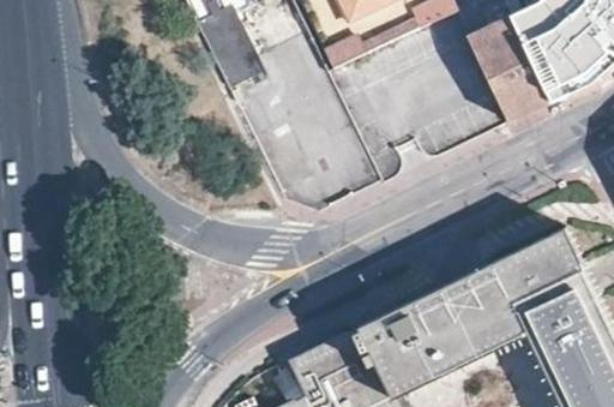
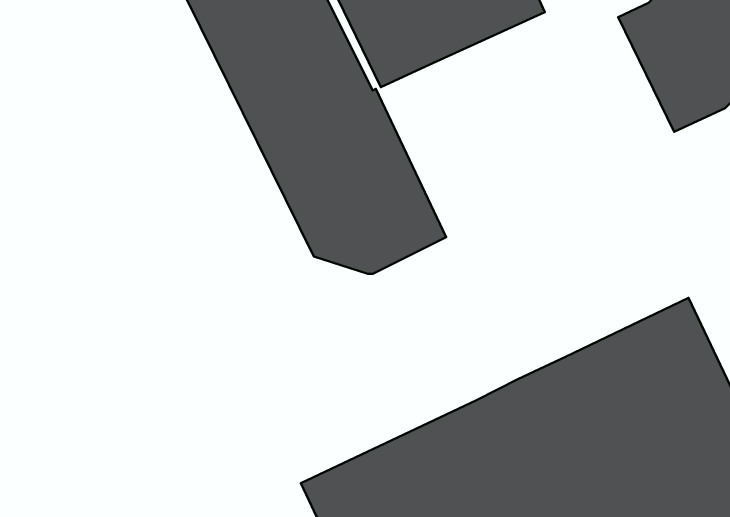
building: [469,14,554,121] -> none

